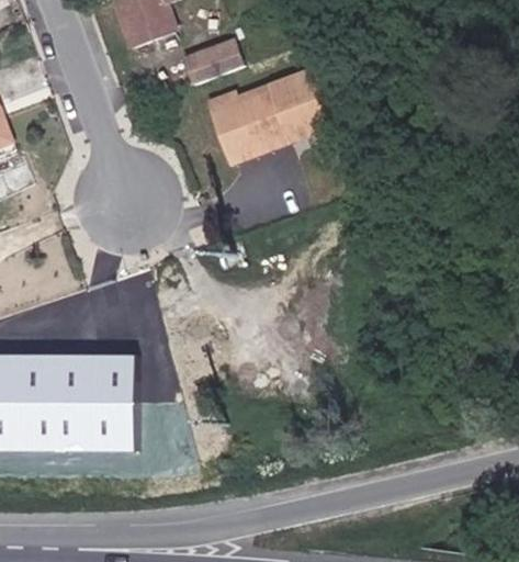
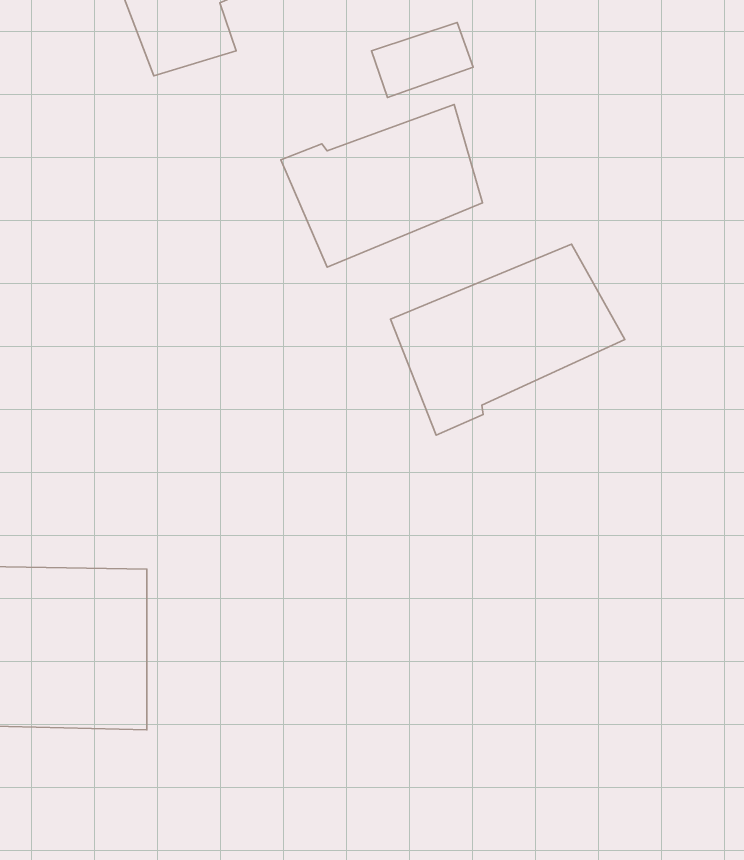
building: [181,40,244,86] -> [371,22,473,97]
building: none -> [390,244,625,435]

